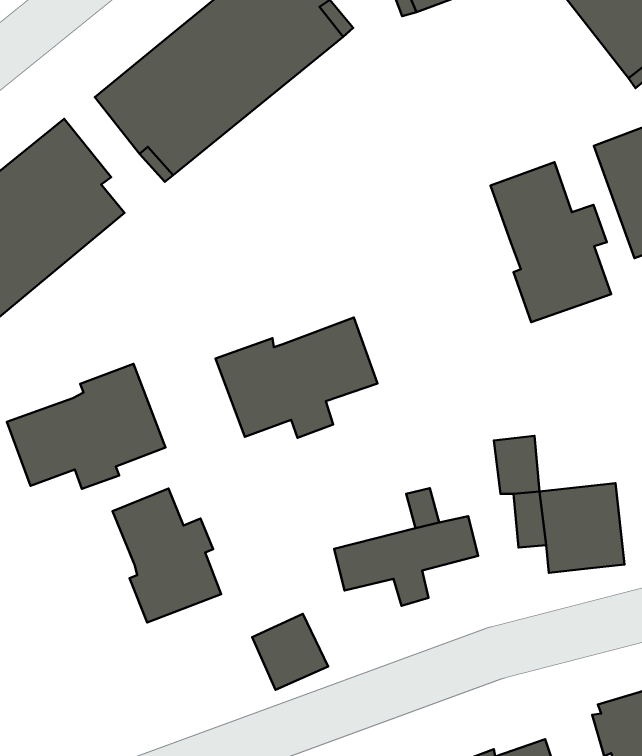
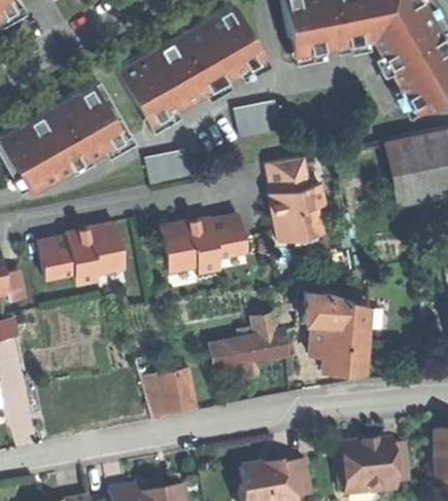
building: none -> [236,103,281,137]
building: [490,162,611,322] -> [267,157,325,243]
building: none -> [148,152,195,187]
building: none -> [326,294,370,327]
building: [113,489,221,623] -> none

